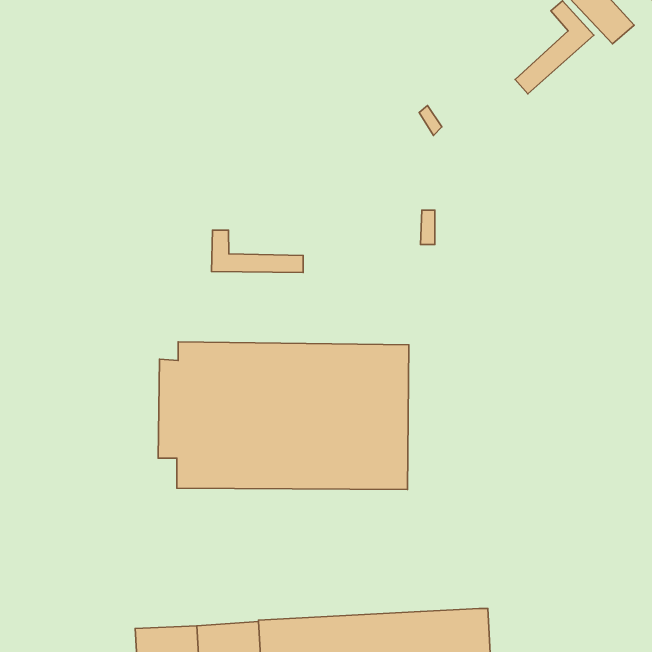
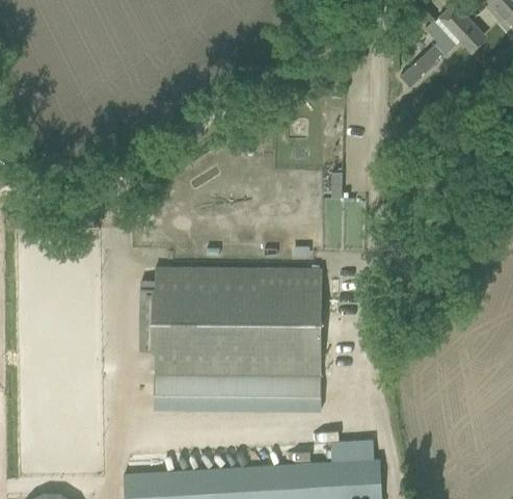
building: [212,230,303,273] -> none
building: none -> [154,374,321,410]
building: none -> [329,444,373,464]

